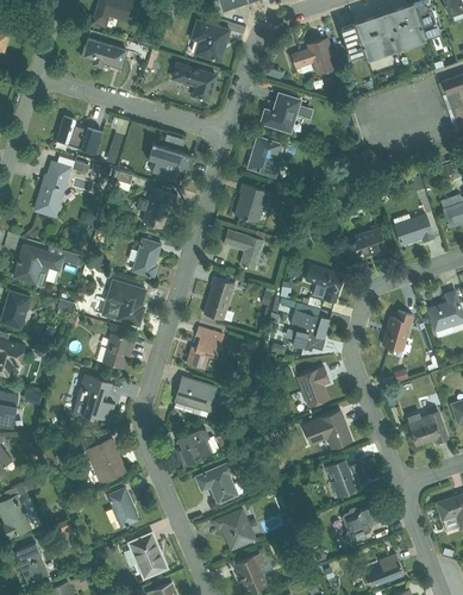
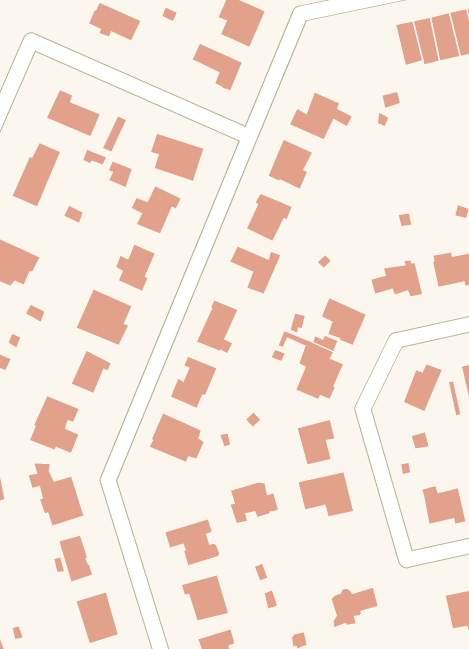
building: [292,37,338,75] -> none
building: [177,428,220,465] -> [230,482,279,524]
building: [326,458,368,497] -> none

